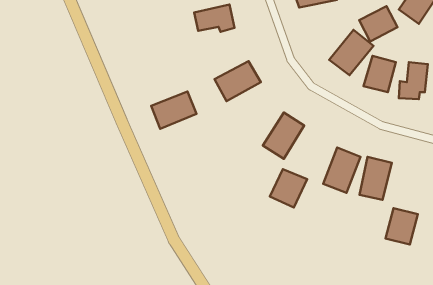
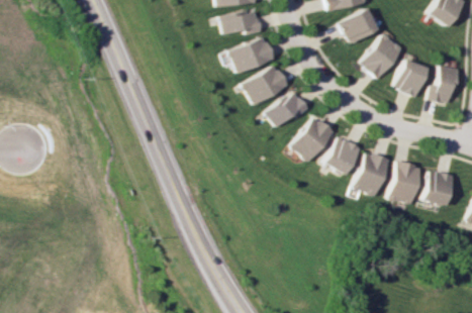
building: [359,6,398,41] -> [340,8,378,43]
building: none -> [268,90,311,127]
building: [151,92,196,129] -> [231,36,277,74]
building: [270,169,307,207] -> [324,136,362,175]
building: [386,208,418,244] -> [422,170,455,206]

